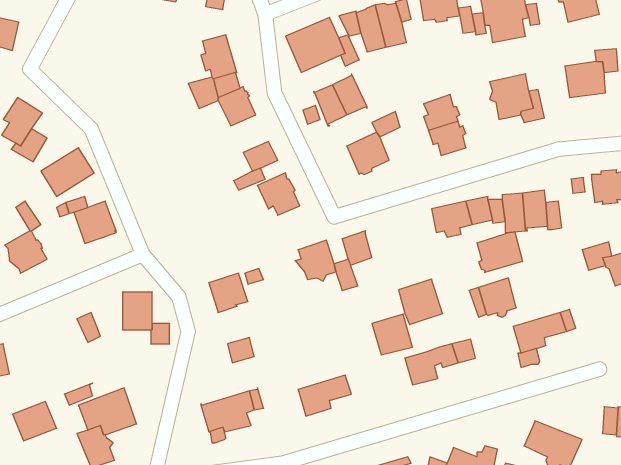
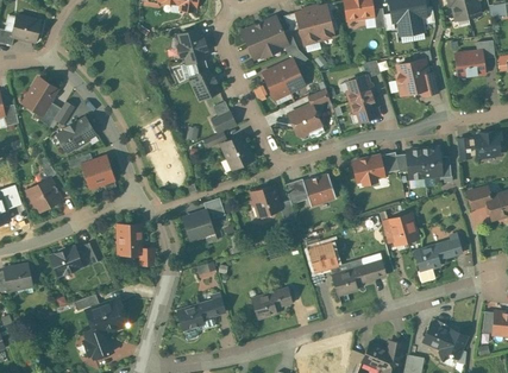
building: [477,232,522,273] -> none
building: [399,279,443,325] -> [302,172,335,207]
building: [13,402,57,441] -> [49,246,82,276]

